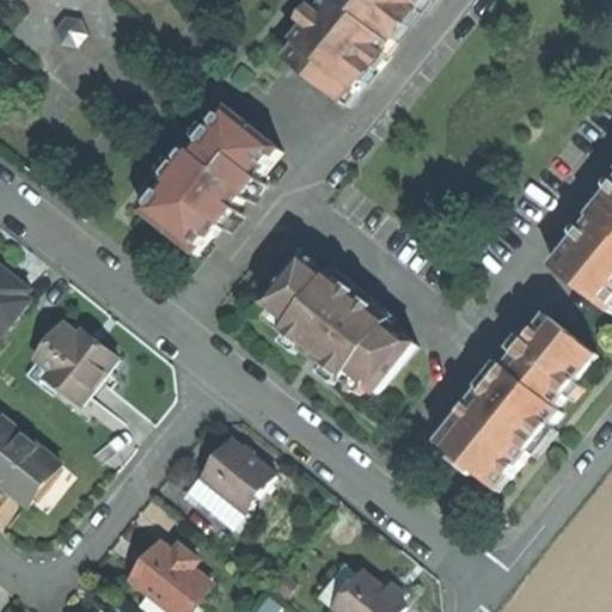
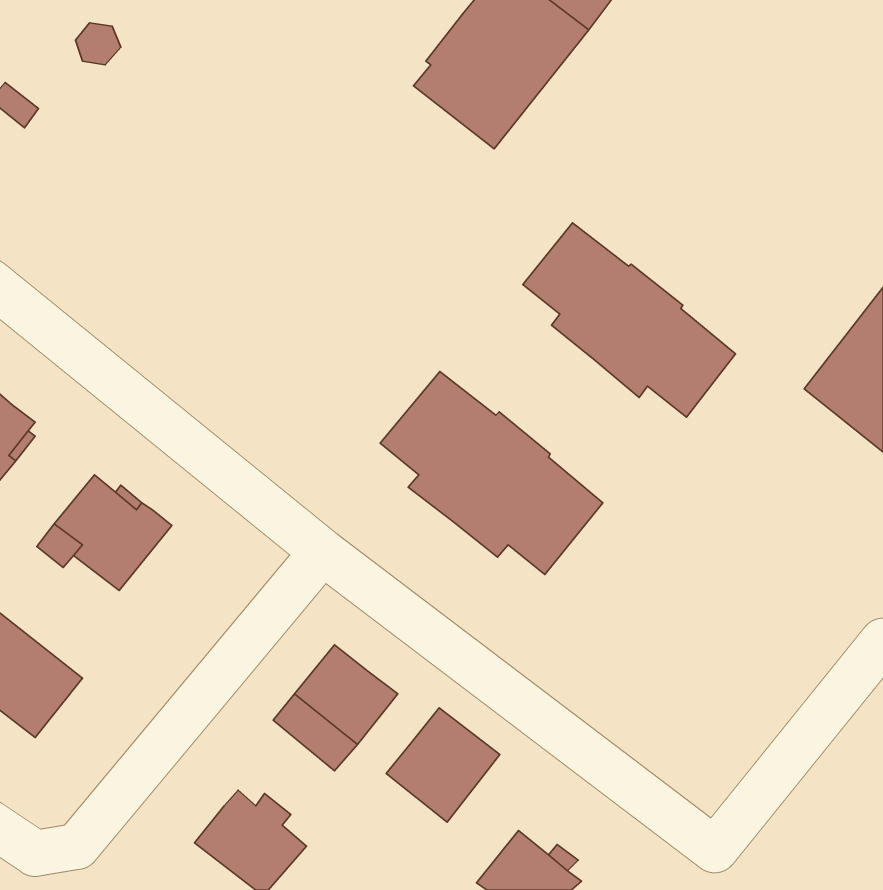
building: [137,105,276,253] -> none
building: none -> [523,223,736,417]
building: [435,316,593,484] -> none
building: none -> [386,708,500,822]

